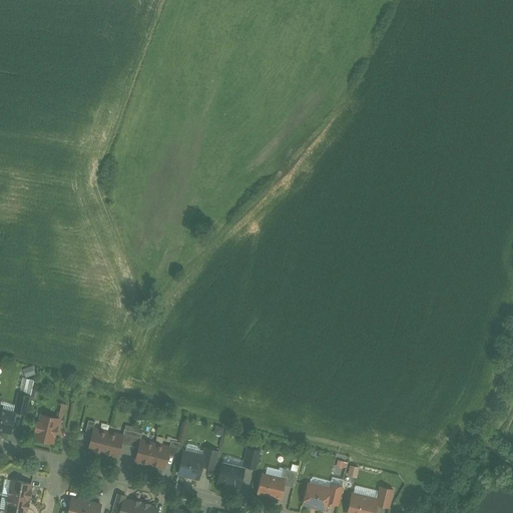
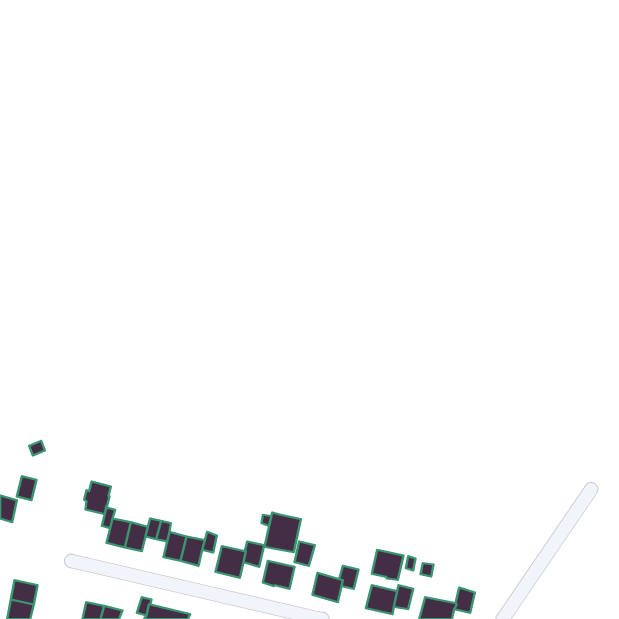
building: [35,415,57,442] -> [84,482,111,514]
building: none -> [265,512,301,552]
building: none -> [372,550,403,580]

